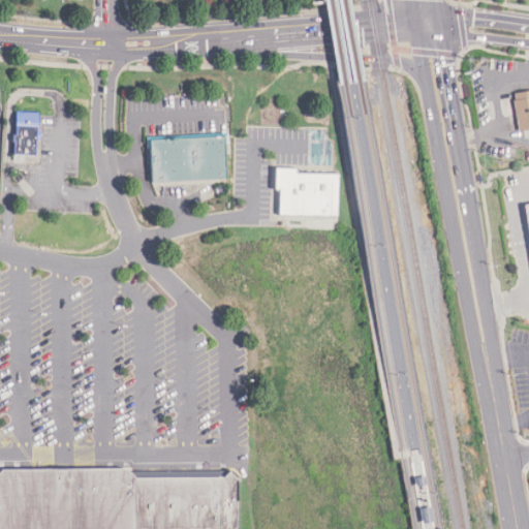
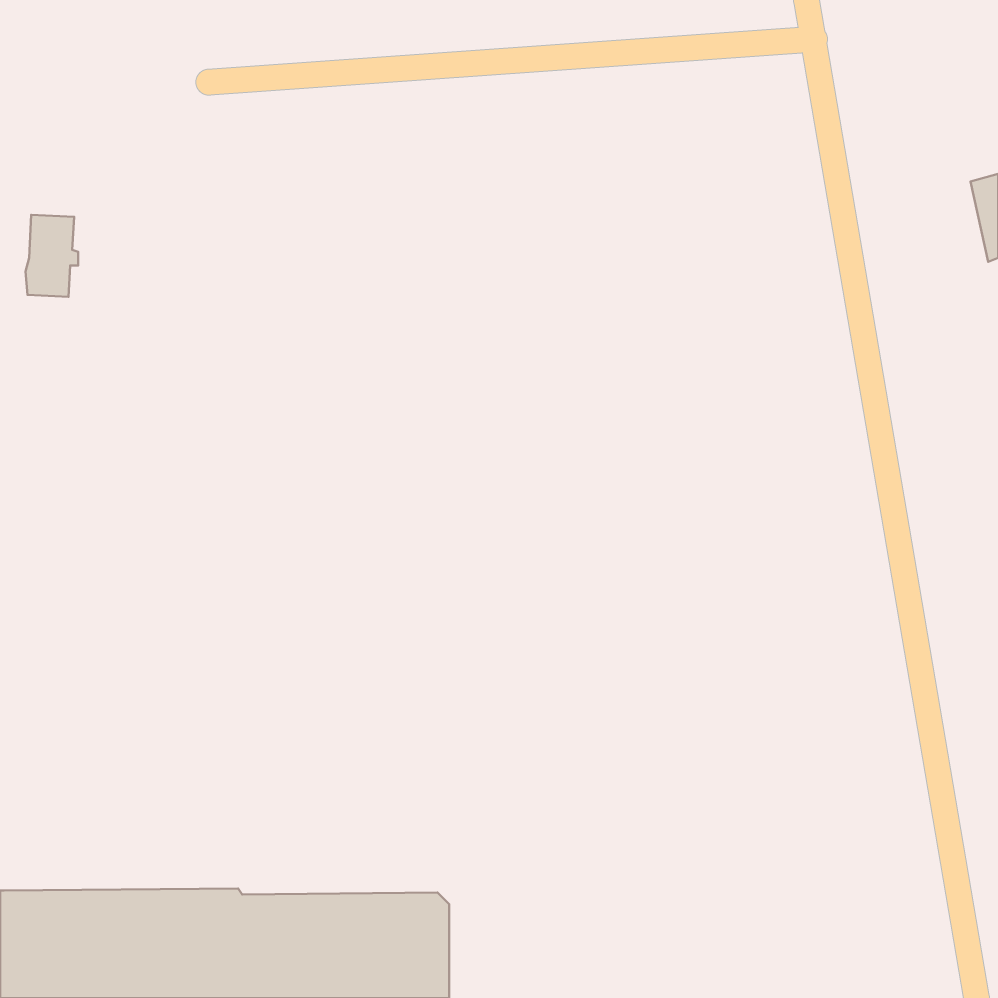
building: [147,134,227,185] -> none
building: [275,168,339,218] -> none

